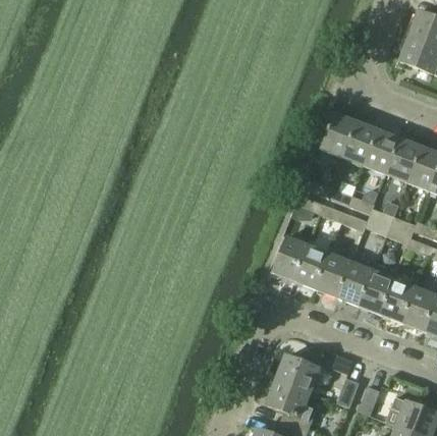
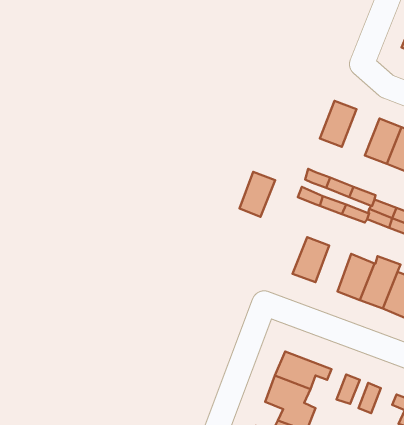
building: [340,120,377,165] -> none
building: [272,236,307,280] -> [240,172,275,217]
building: [315,253,349,297] -> none

